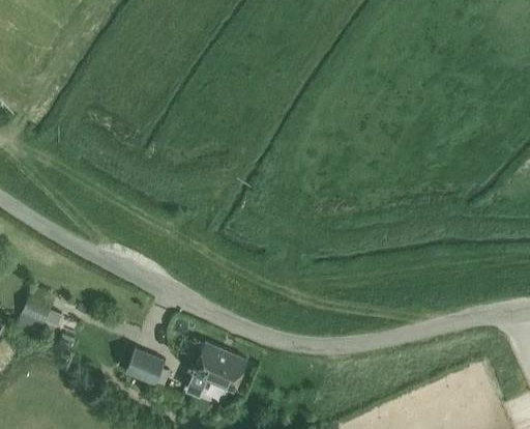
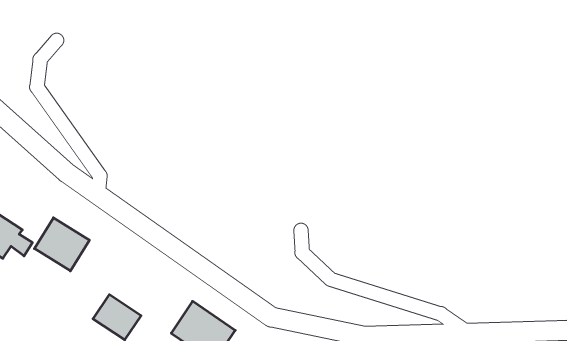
building: none -> [34,218,89,271]

